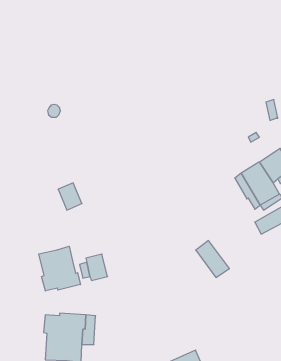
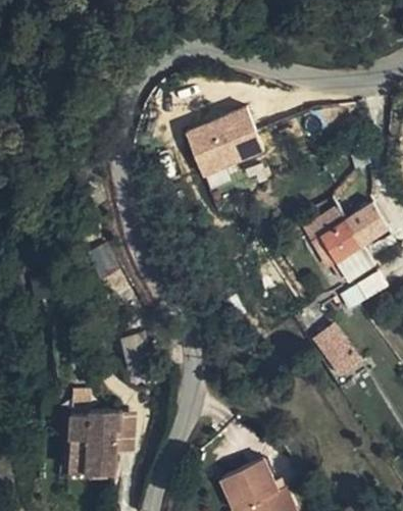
building: none -> [182,109,262,180]
building: [196,241,229,277] -> [314,322,357,369]
building: [39,246,80,291] -> none

